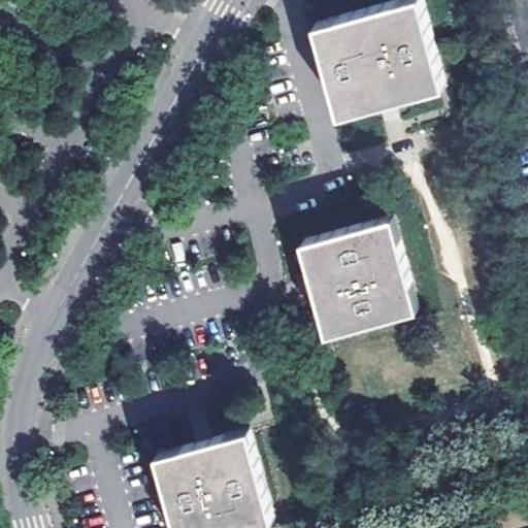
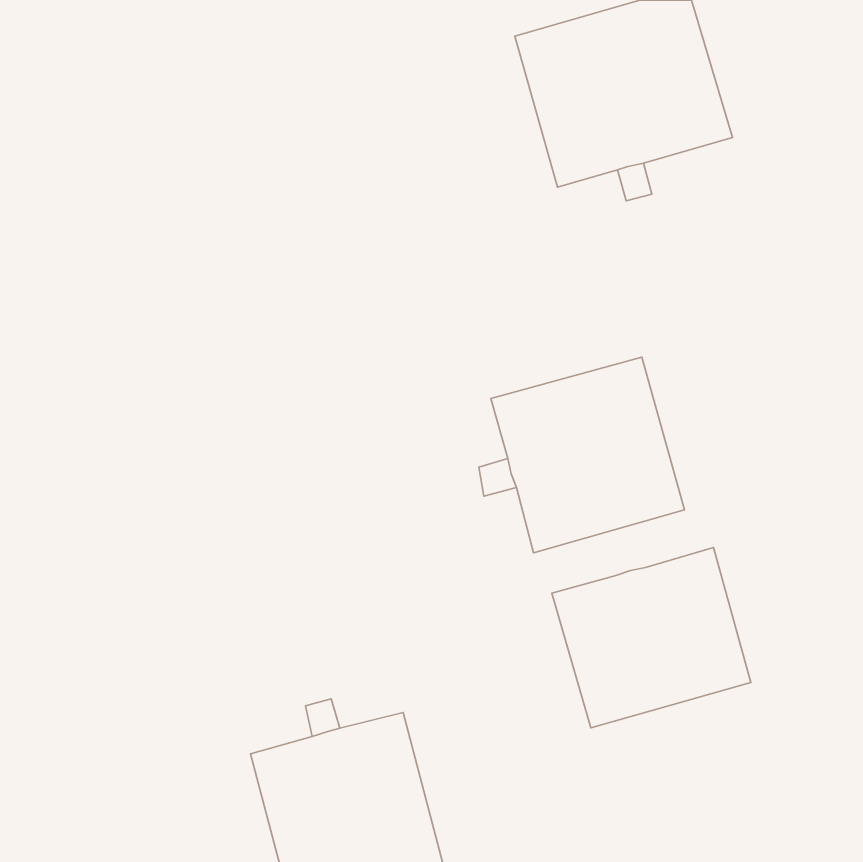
building: none -> [552,547,751,728]

